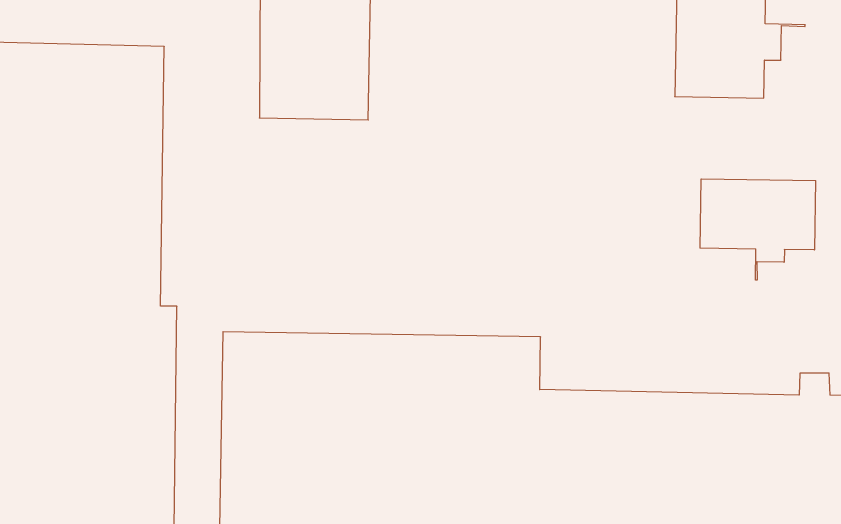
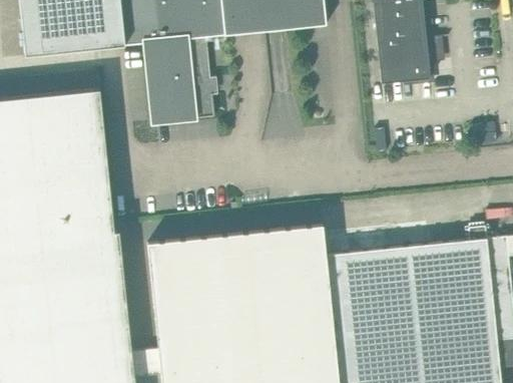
building: [700,179,816,280] -> none

